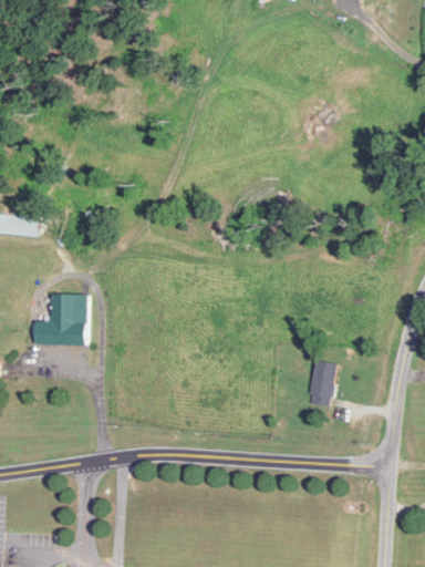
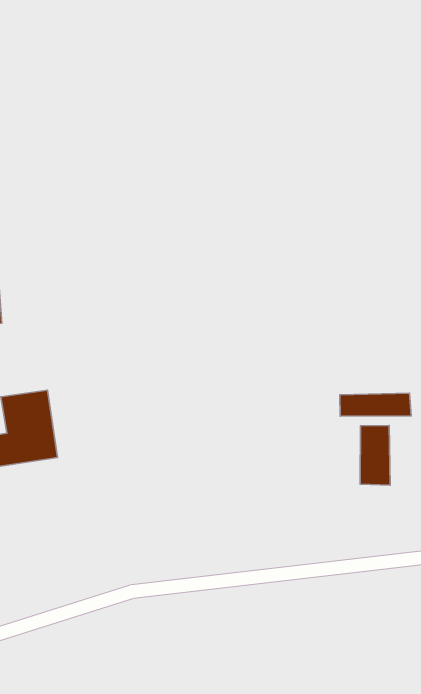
building: none -> [340,393,411,416]

